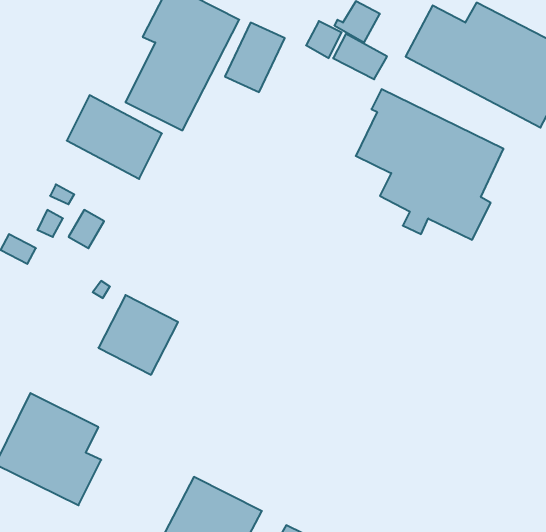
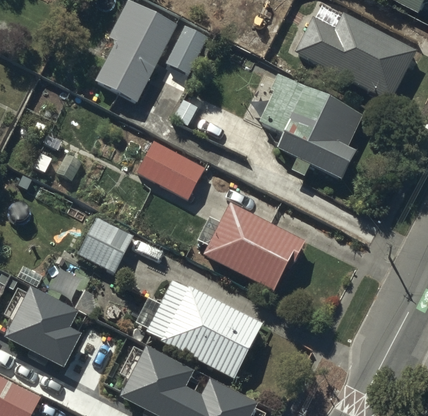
building: [67,95,162,179] -> [136,141,203,200]
building: none -> [203,202,305,290]
building: none -> [148,278,262,376]

